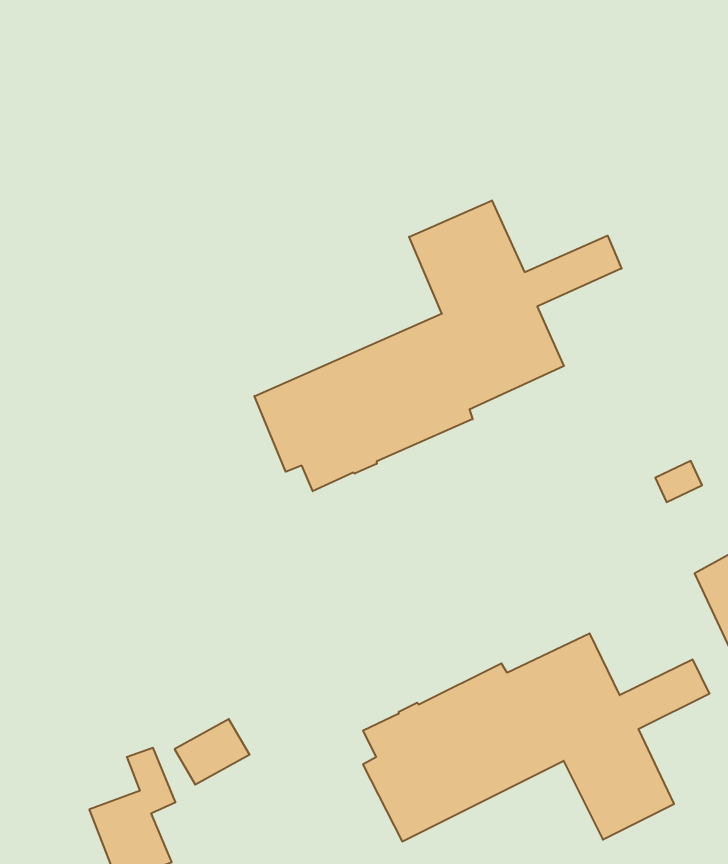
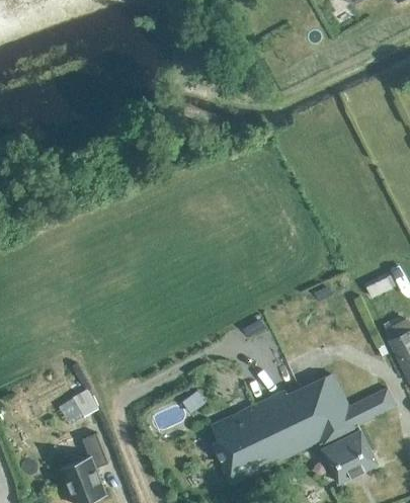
building: [254,200,622,491] -> none
building: [175,719,250,785] -> [59,391,99,426]

